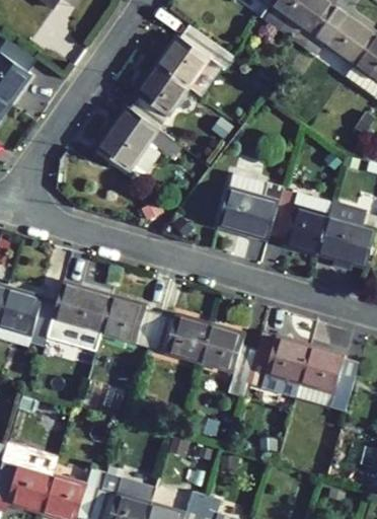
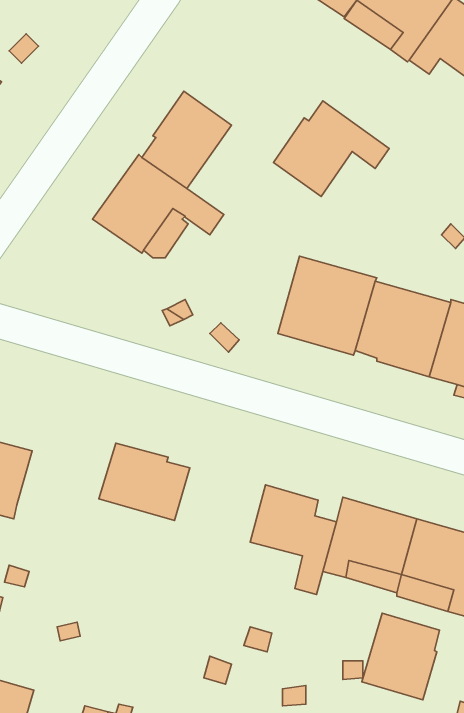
building: [156,24,232,87] -> [273,101,389,196]
building: [47,282,111,346] -> none
building: [150,312,210,361] -> none
building: none -> [362,613,439,700]

